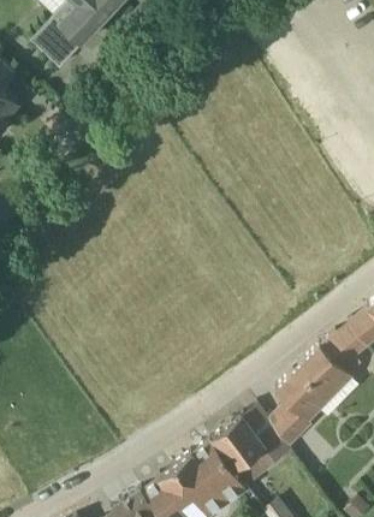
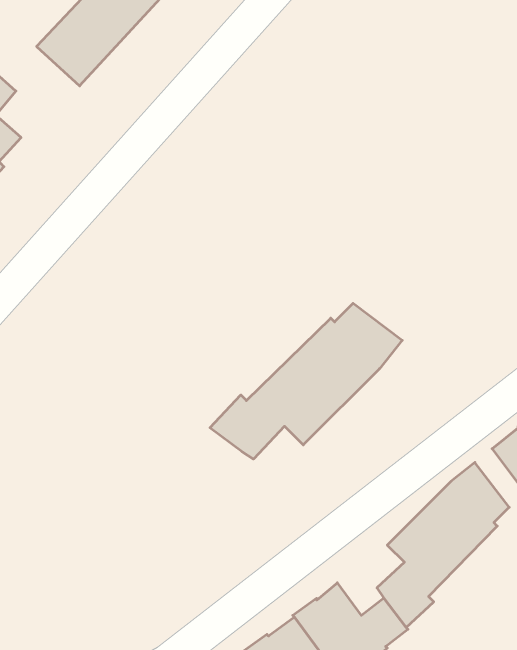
building: none -> [210,303,402,459]

